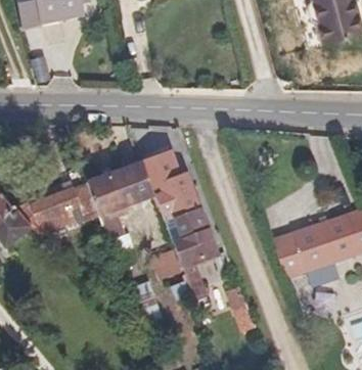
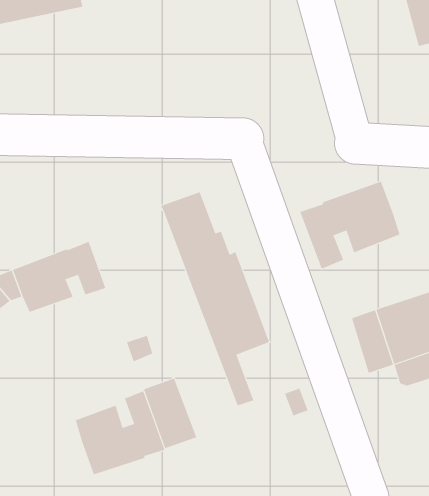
building: none -> [299,181,400,270]
building: [87,160,154,238] -> none
building: none -> [75,391,165,475]

